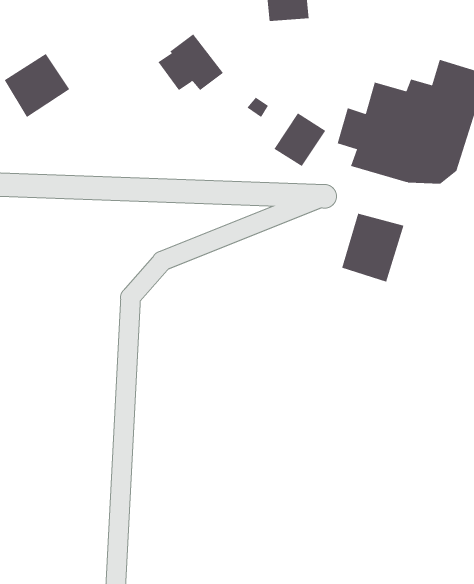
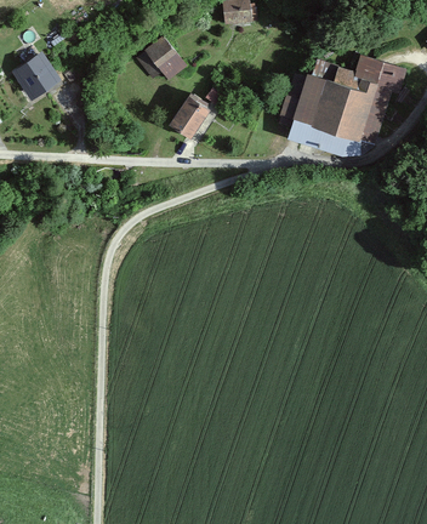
building: [273,113,326,167] -> [170,95,212,138]
building: [341,213,404,282] -> none

